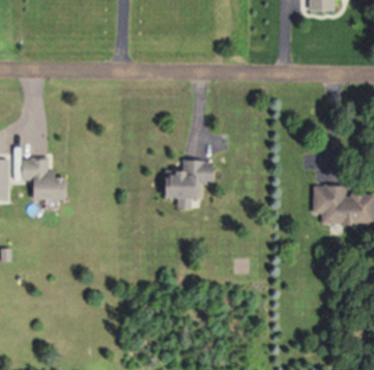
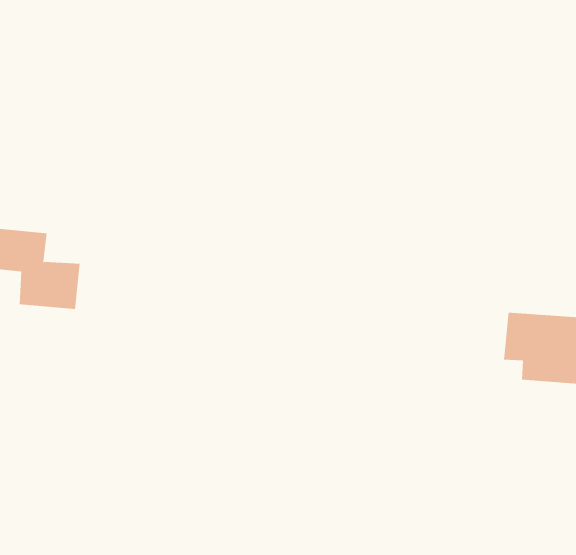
building: [169,158,218,198] -> none

